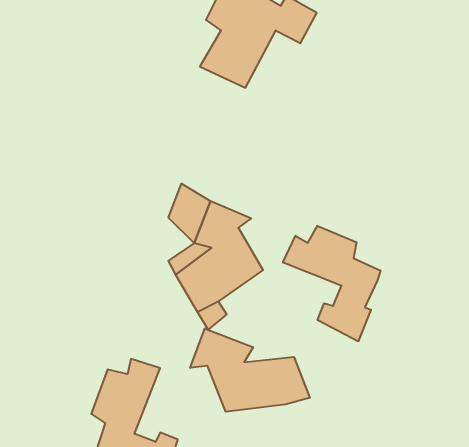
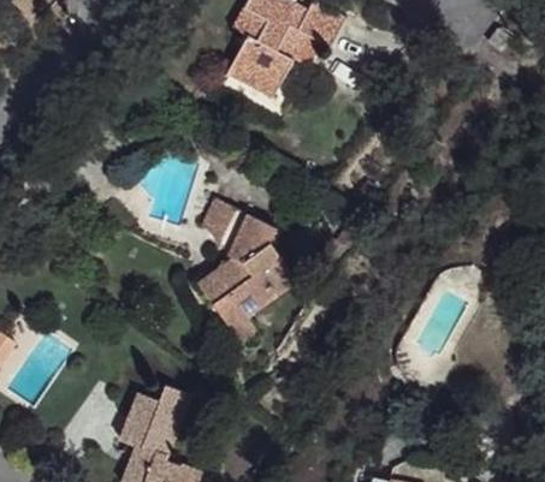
building: [283,226,381,341] -> none
building: [190,328,310,412] -> none

